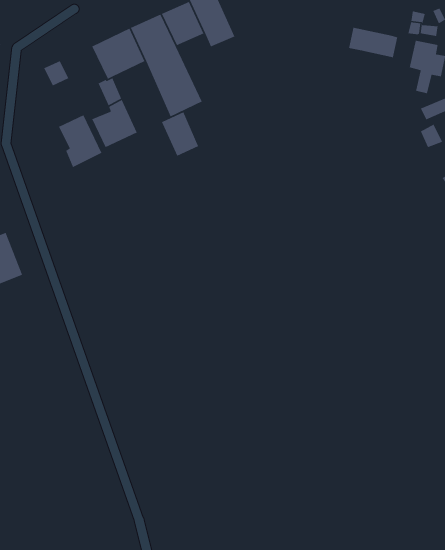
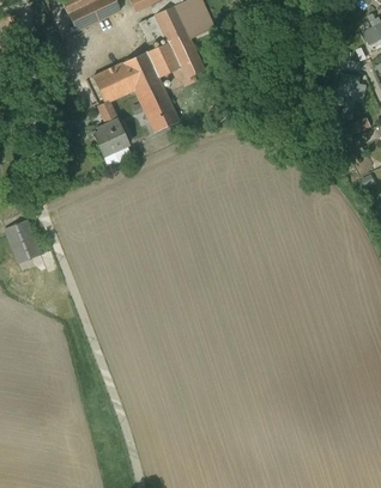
building: [348,27,398,58] -> none
building: [160,111,199,157] -> none
building: [58,114,102,168] -> none

